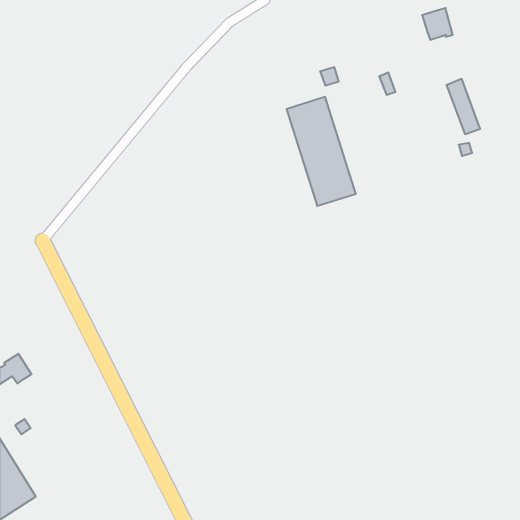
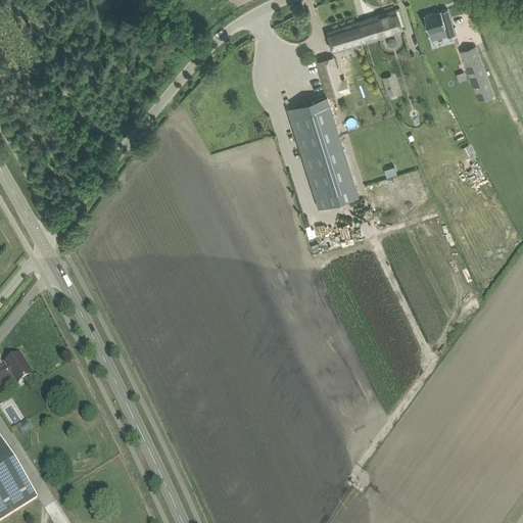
building: none -> [327,10,402,52]
building: [446,79,480,134] -> [460,46,493,101]

